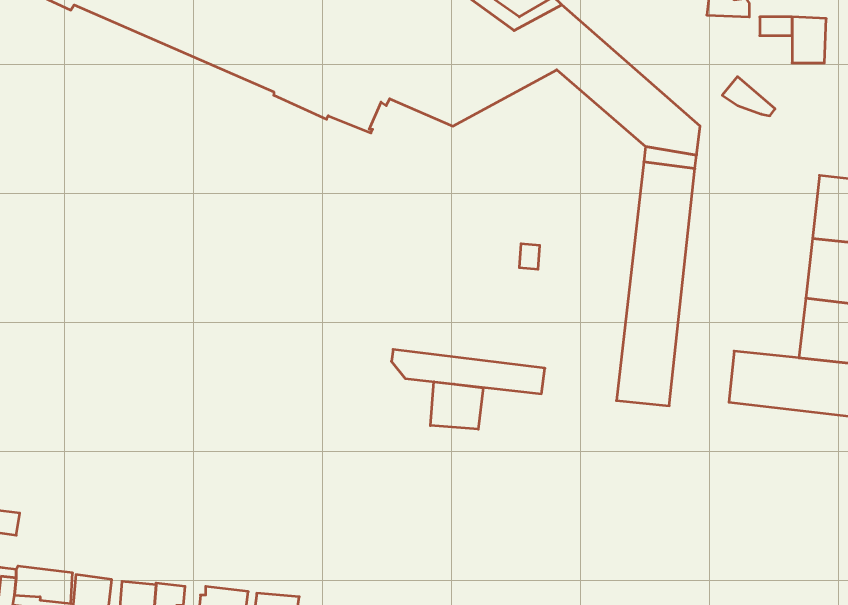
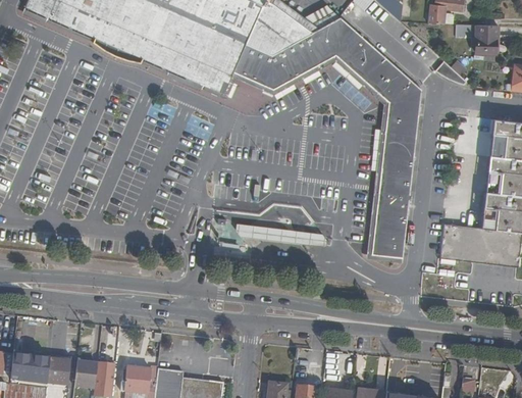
building: [430,382,483,429] -> none

